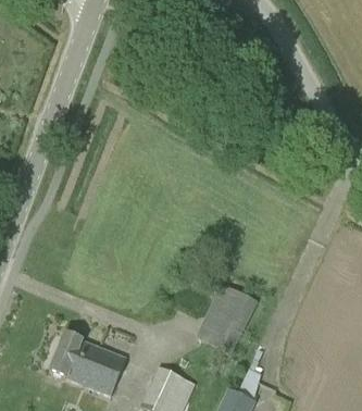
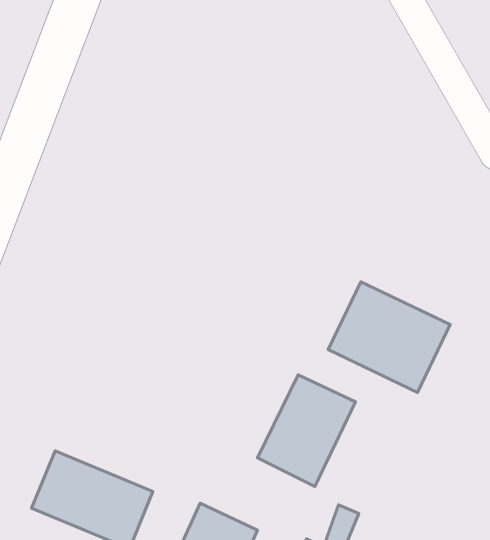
building: none -> [328,282,450,392]

